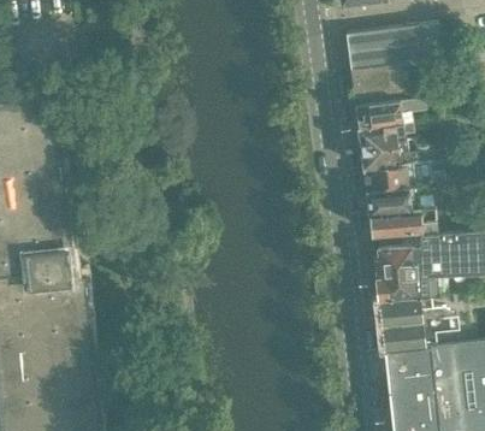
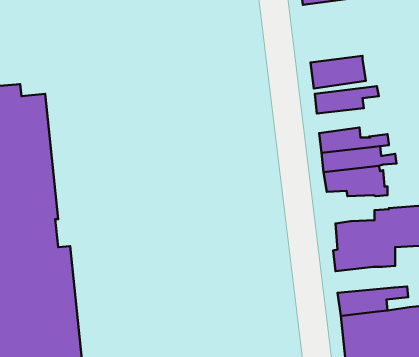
building: [343,24,442,71] -> none
building: [355,119,422,149] -> none
building: [366,213,434,236] -> none
building: [375,297,440,326] -> none

